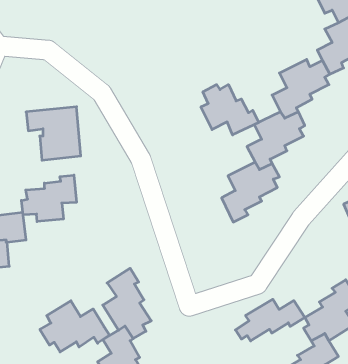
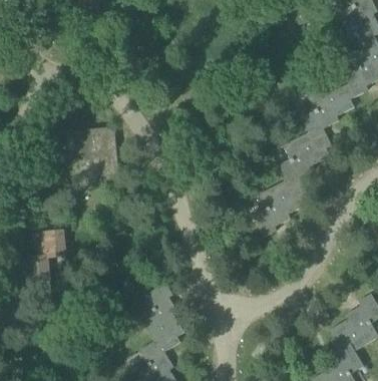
building: [201,85,259,135] -> none
building: [21,175,76,222] -> none
building: [235,299,305,341] -> none
building: [40,301,109,352] -> none

